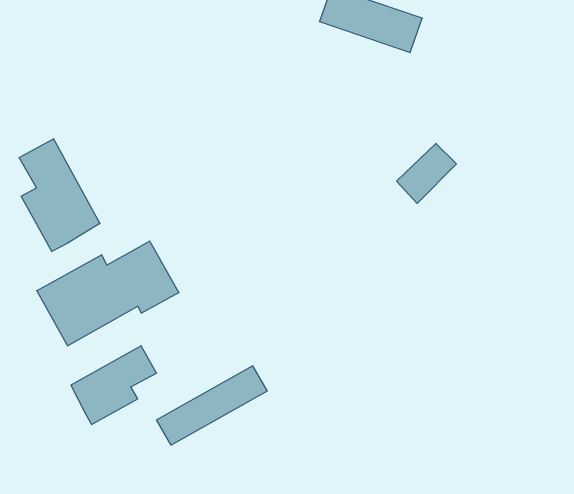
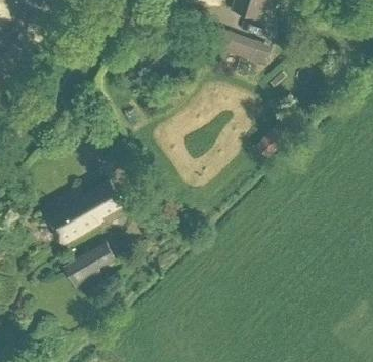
building: [19,139,100,252] -> none
building: [157,366,267,445] -> none

